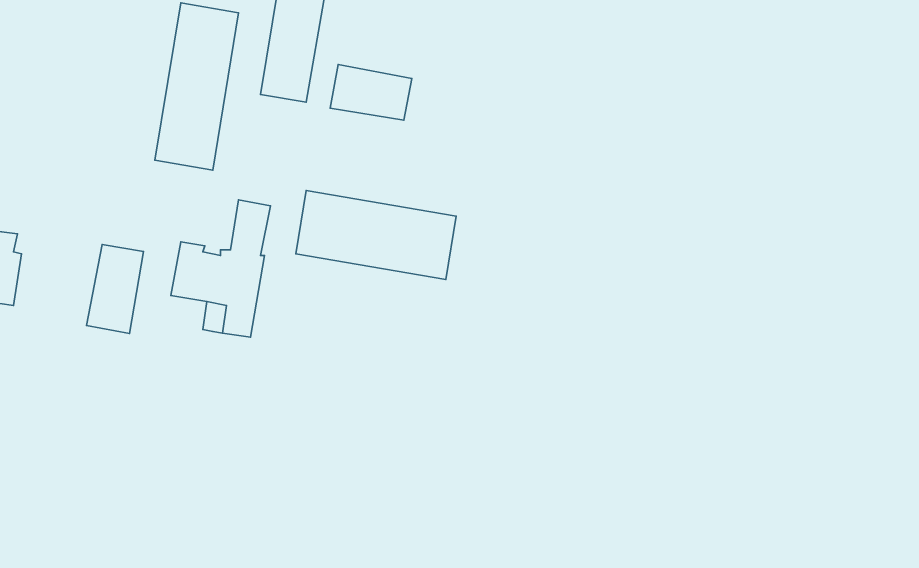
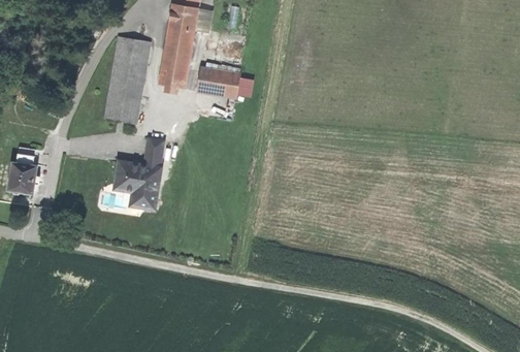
building: [296,190,456,279] -> none
building: [86,245,144,333] -> none

